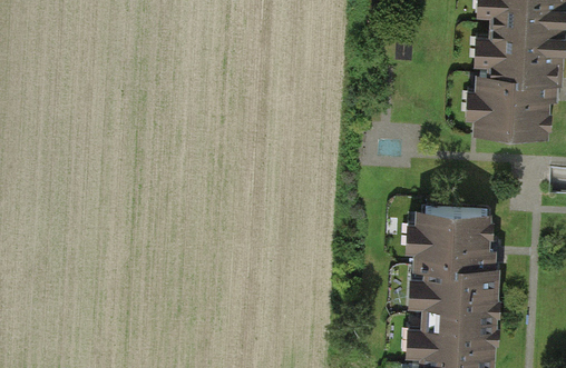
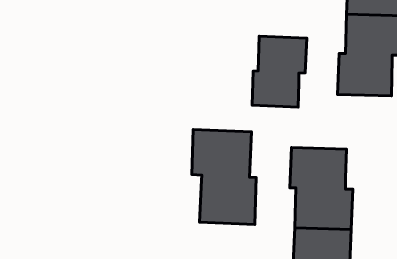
building: none -> [252,36,307,107]
building: none -> [192,129,256,225]

